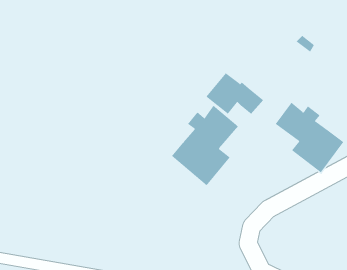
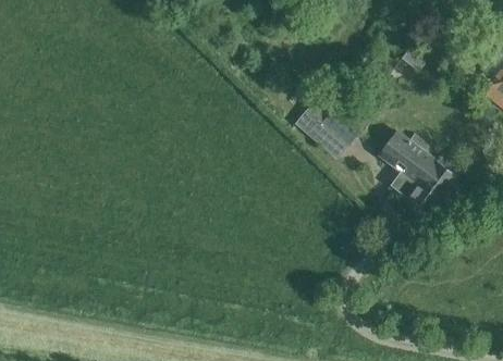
building: [171,105,239,186] -> none

